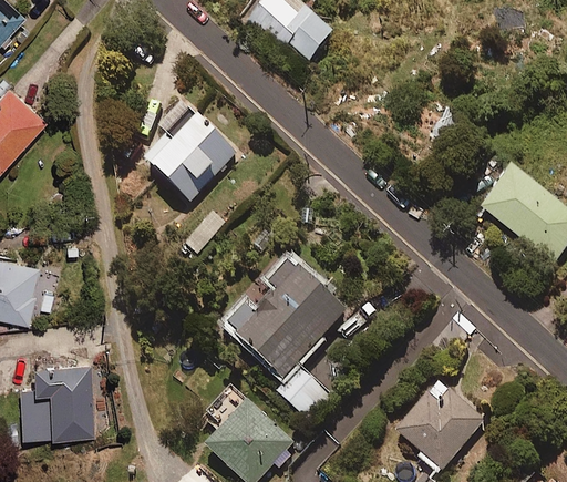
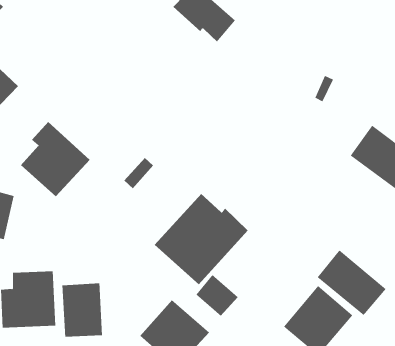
building: [142,102,234,202] -> [20,121,90,197]
building: none -> [317,250,386,316]
building: none -> [62,283,102,337]

